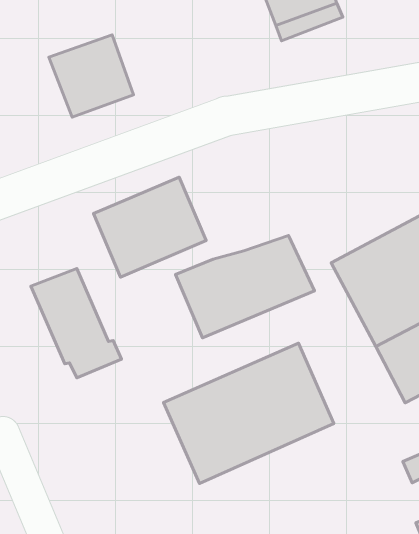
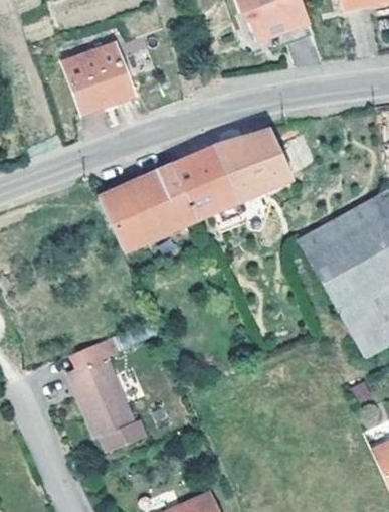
building: [176,236,314,338] -> [173,130,291,217]
building: [31,269,121,378] -> [68,356,146,450]
building: [163,343,334,483] -> none

